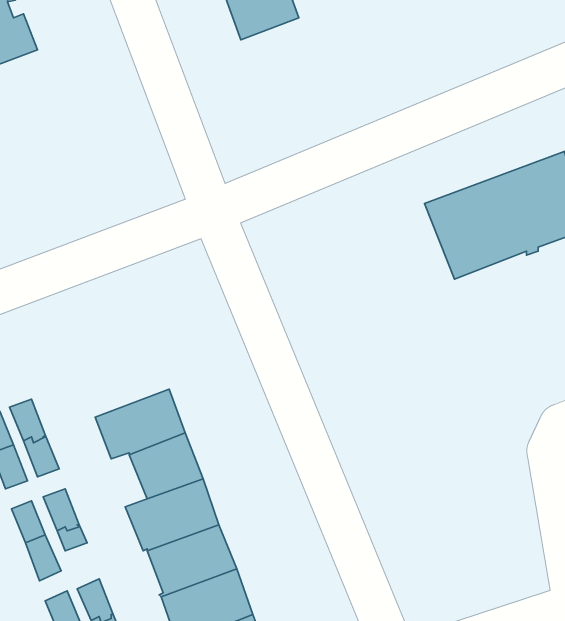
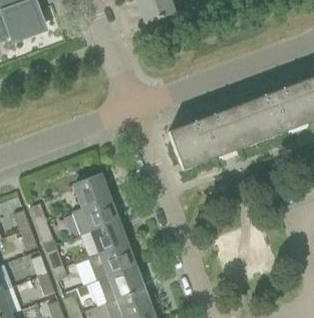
building: none -> [169,105,253,170]
building: none -> [72,175,109,213]

